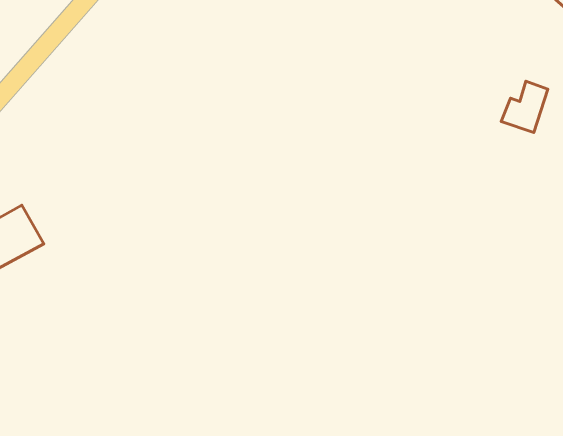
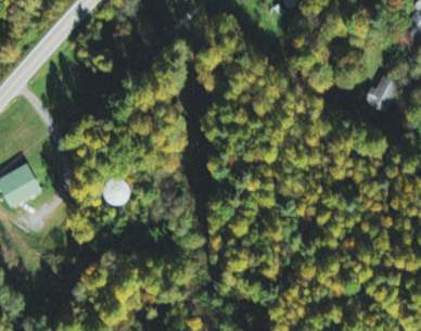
building: none -> [100,177,131,208]

